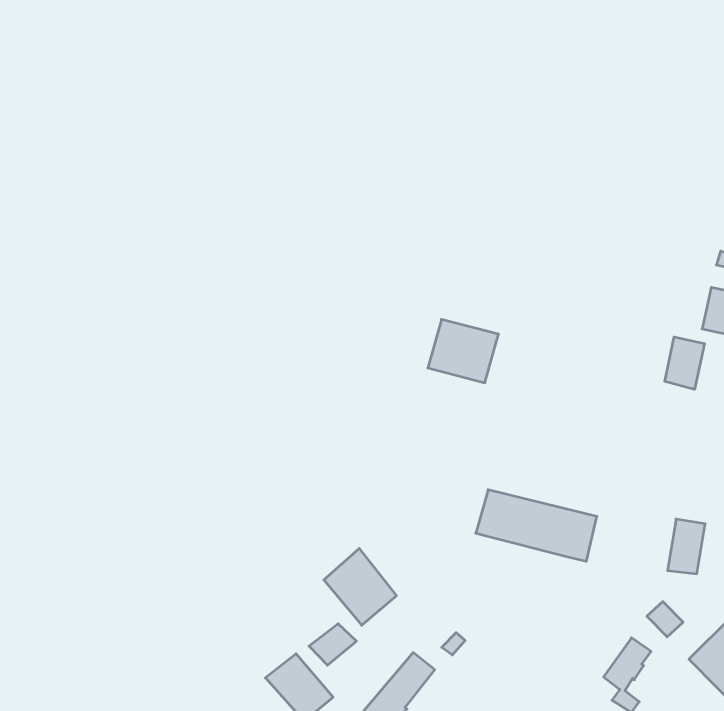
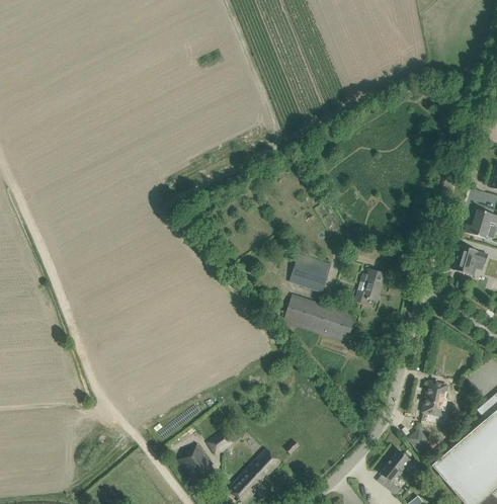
building: [665,337,705,389] -> none
building: none -> [355,269,386,304]
building: [476,490,597,561] -> [283,295,356,341]
building: [324,548,396,625] -> none

